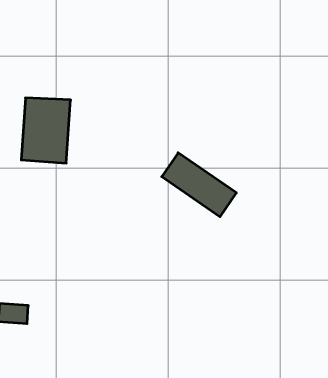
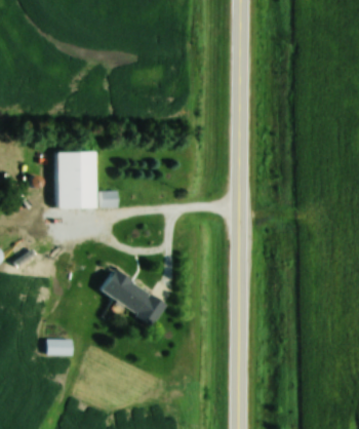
building: [162,153,236,217] -> [97,268,166,323]

